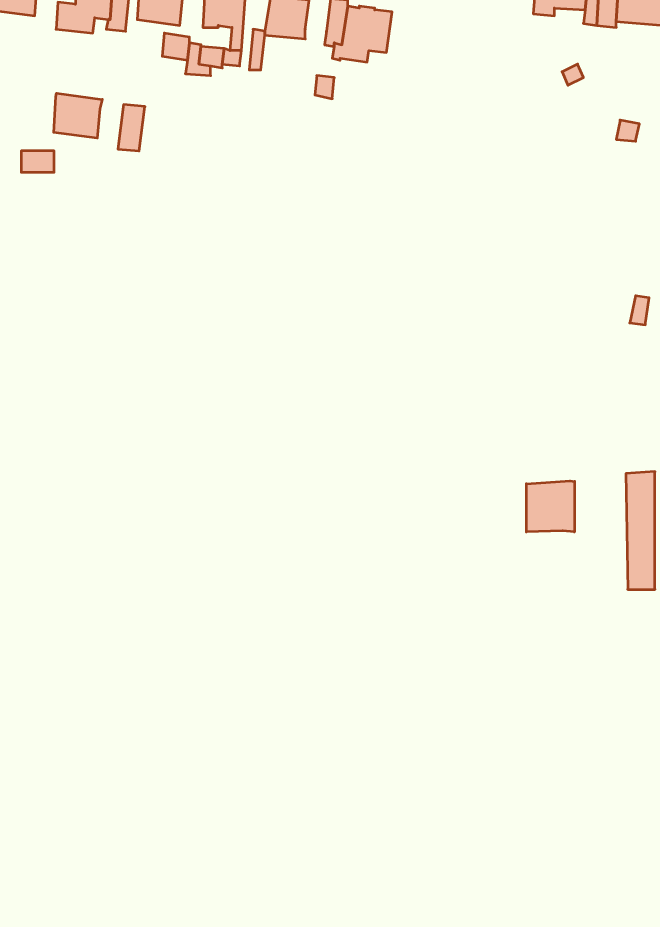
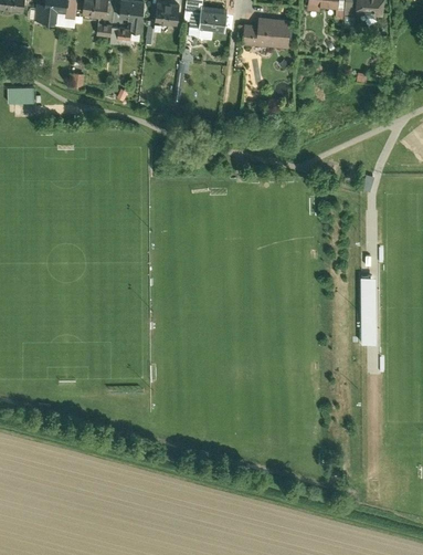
building: none -> [237,15,290,48]
building: [54,93,102,138] -> none
building: [526,481,575,532] -> none

